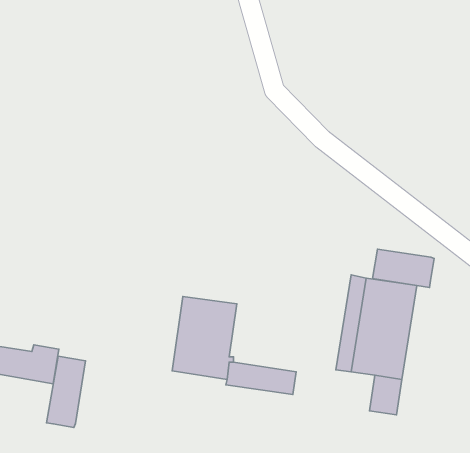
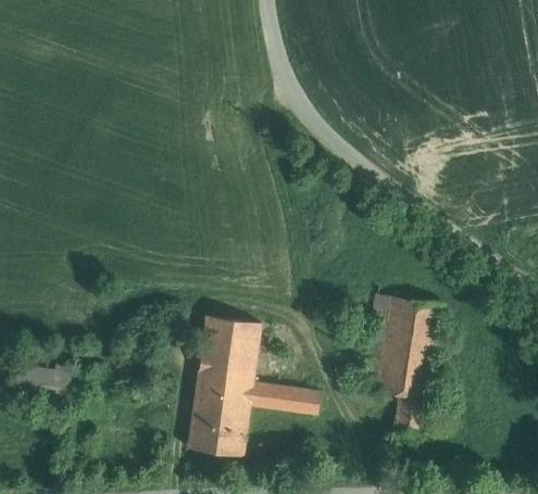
building: [373,249,434,288] -> none
building: [47,356,85,428] -> none
building: none -> [188,391,251,455]

